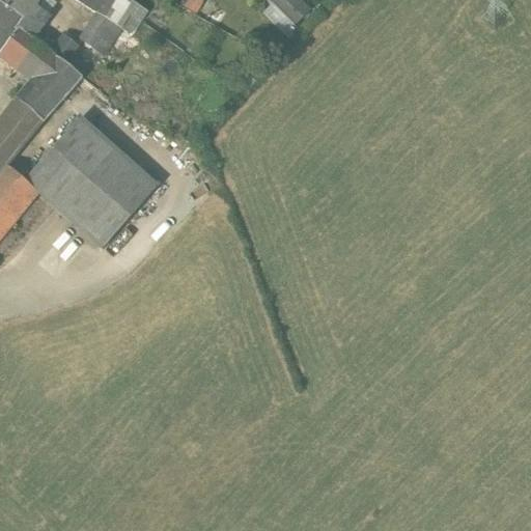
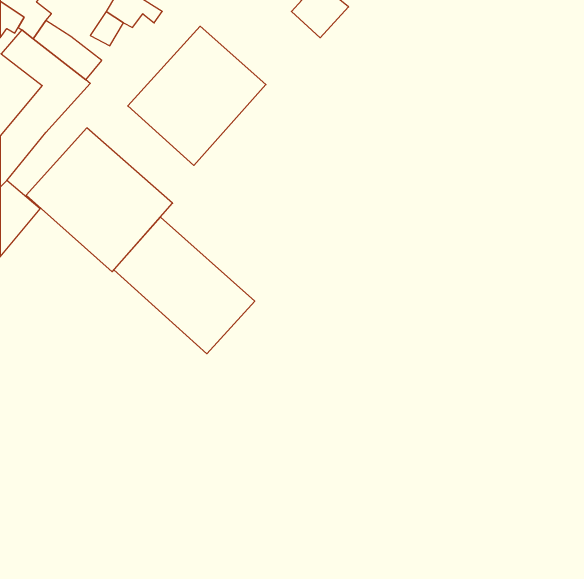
building: none -> [128,26,266,165]
building: none -> [114,217,255,354]

